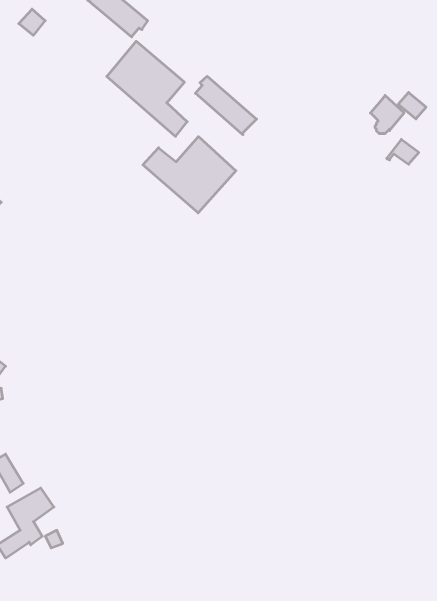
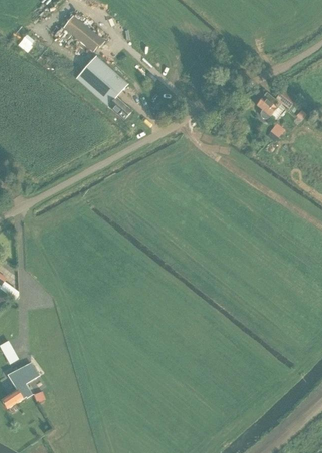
building: [195,76,257,135] -> none
building: [143,137,236,213] -> none

